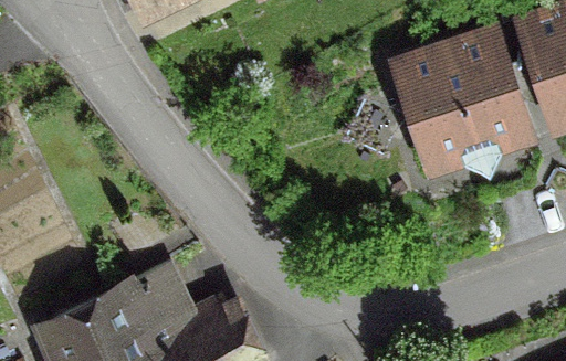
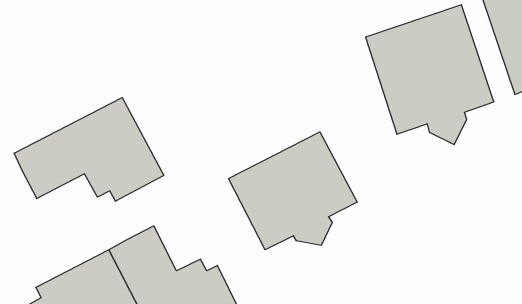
building: none -> [14,98,164,201]
building: none -> [229,132,357,250]

